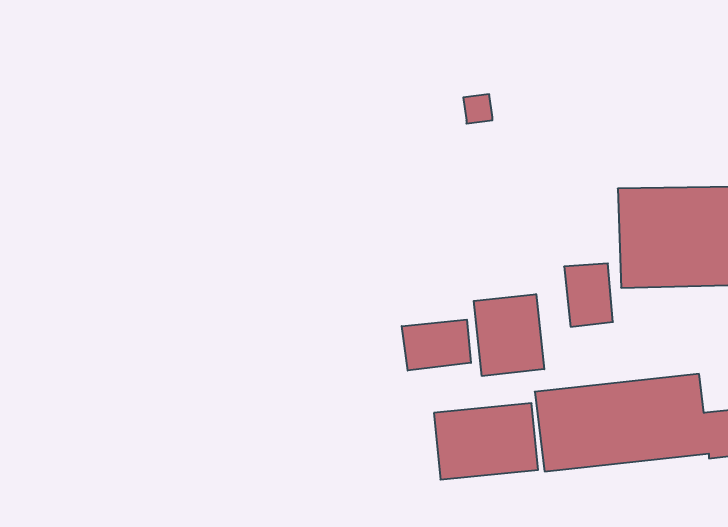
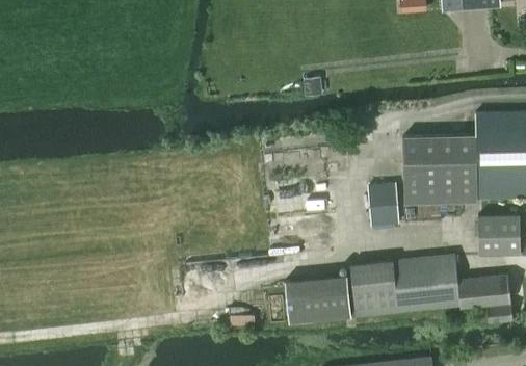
building: [474,294,544,376] -> none
building: [402,320,471,371] -> none

